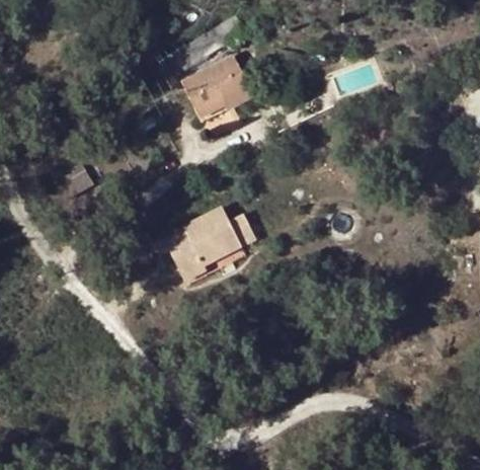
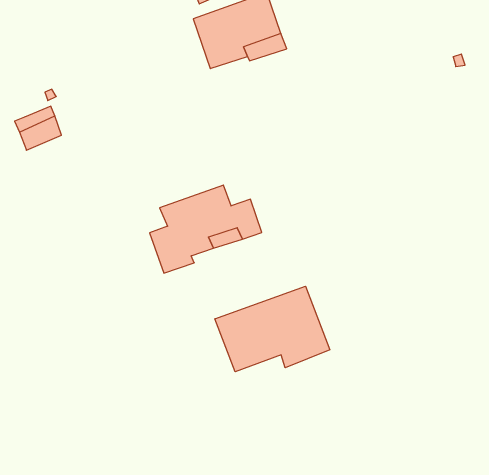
building: none -> [215,286,330,372]

